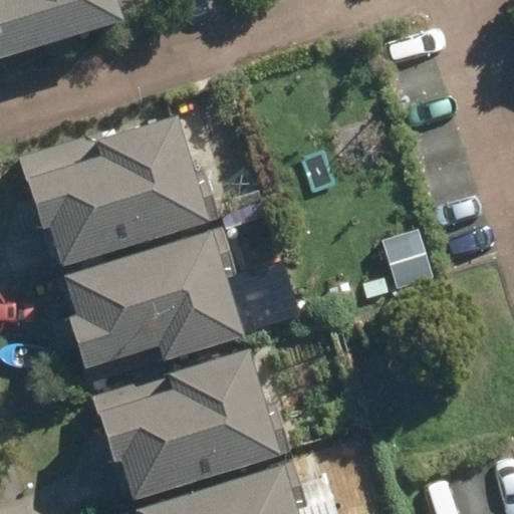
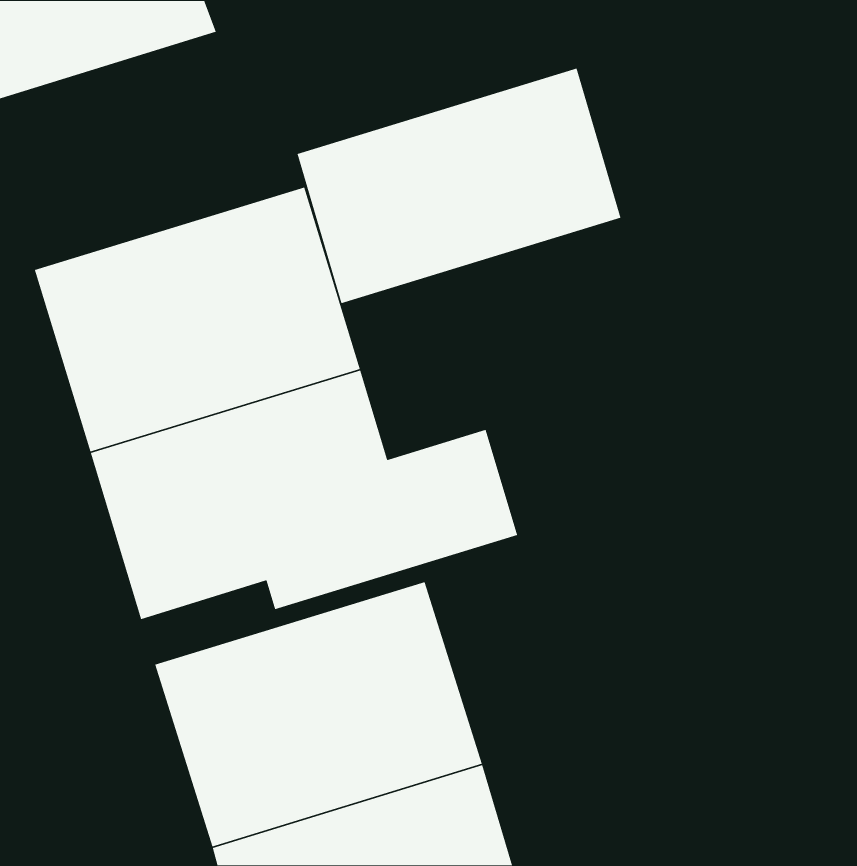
building: none -> [296,68,621,304]

